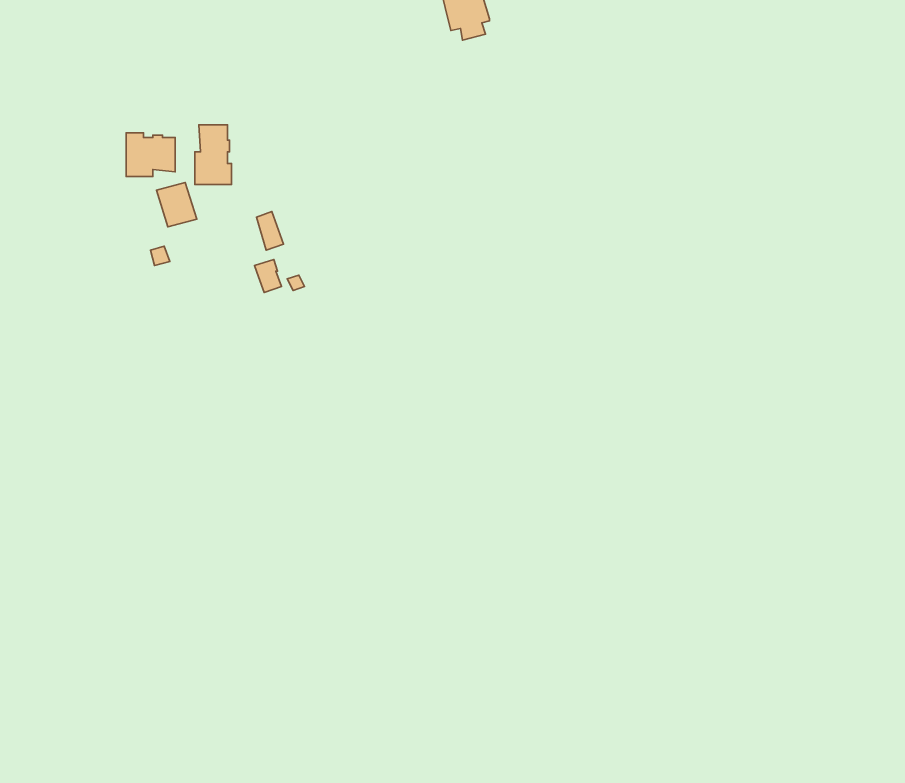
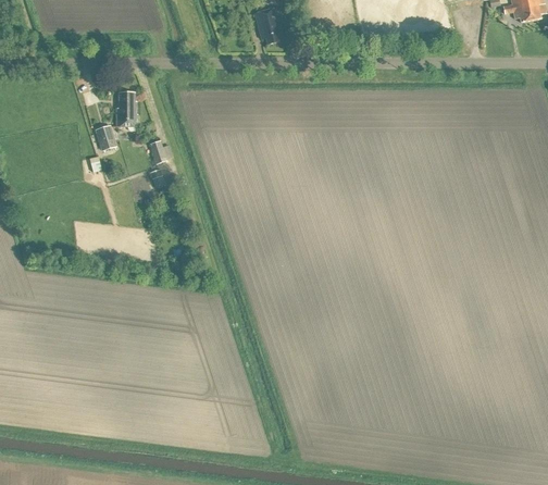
building: [126,133,175,176] -> none

